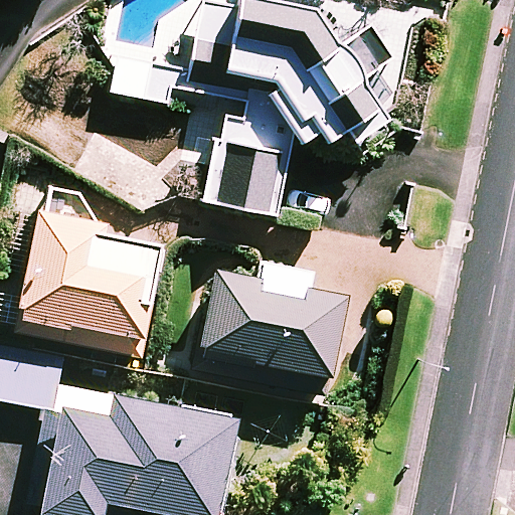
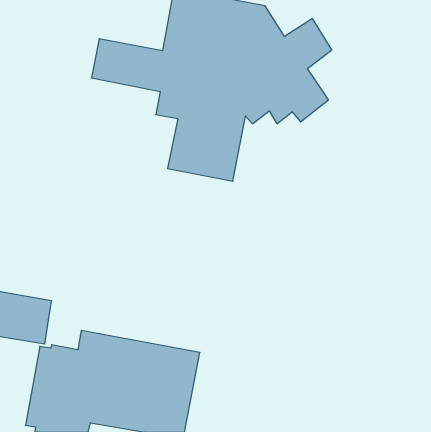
building: [19,213,162,338] -> none
building: [201,266,346,376] -> none

